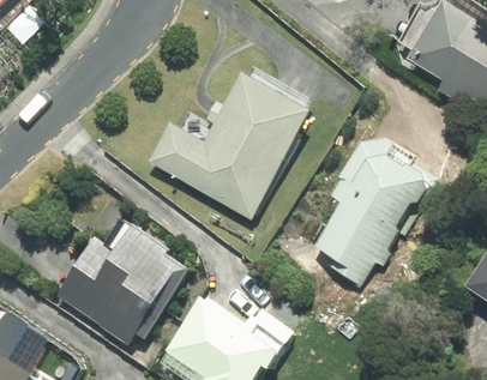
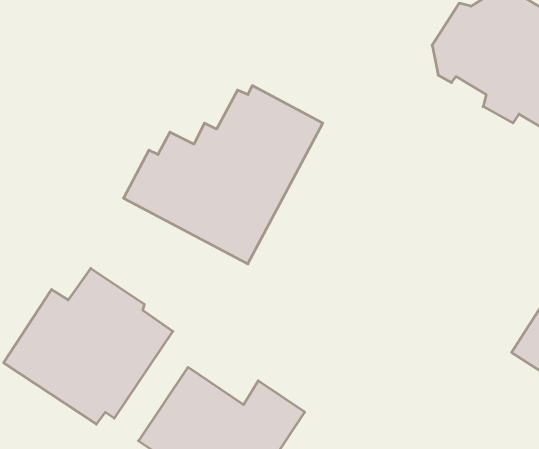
building: [313,139,440,285] -> none

